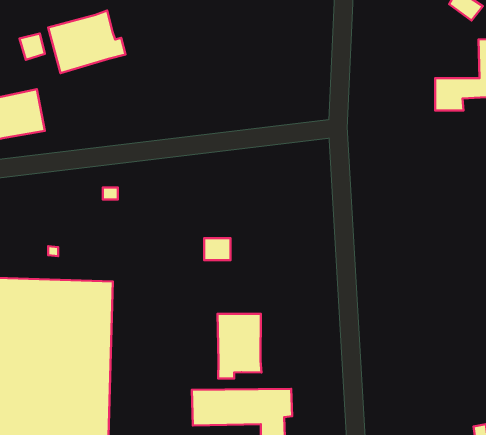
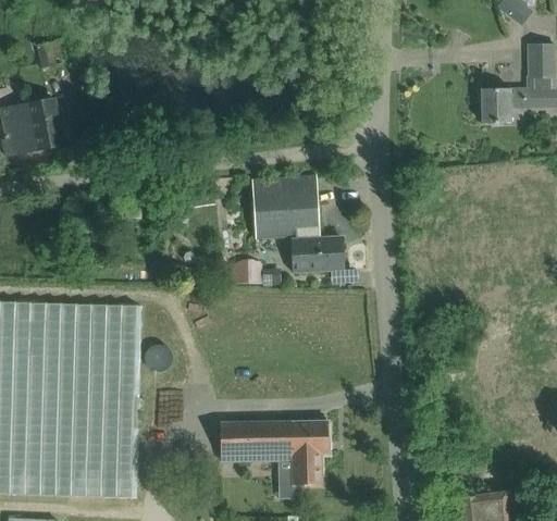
building: [48,11,126,73] -> none
building: none -> [251,175,345,271]
building: [217,314,262,378] -> none

